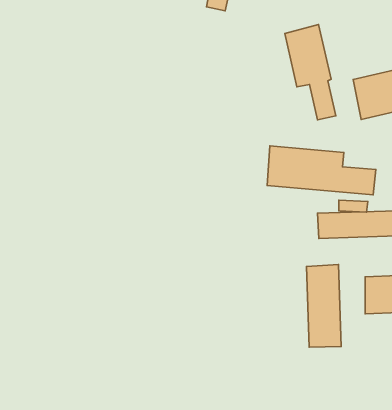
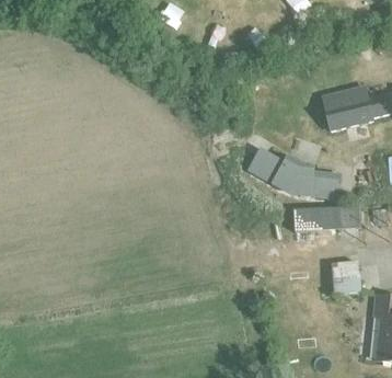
building: [285,24,336,120] -> none
building: [306,264,341,347] -> none

